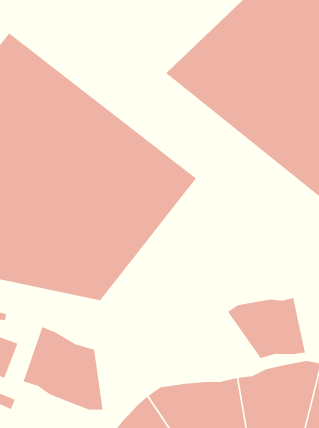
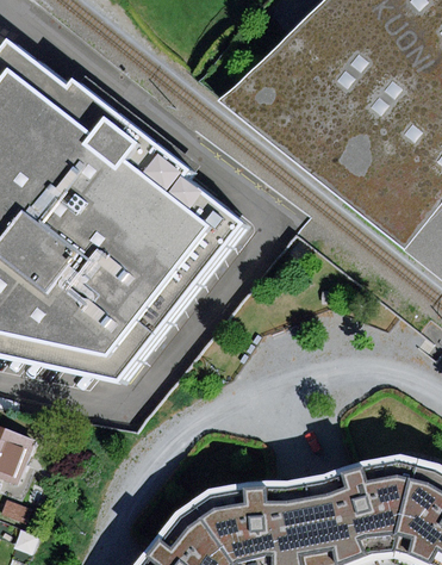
building: [227,297,306,359] -> none
building: [23,326,103,411] -> none

